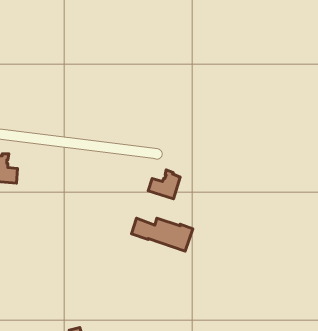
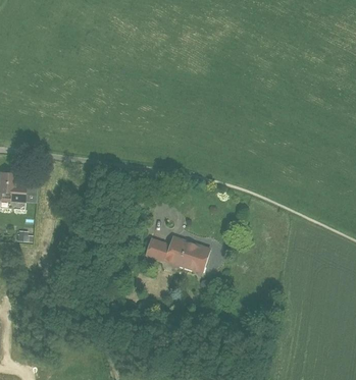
building: [148,170,180,199] -> none

